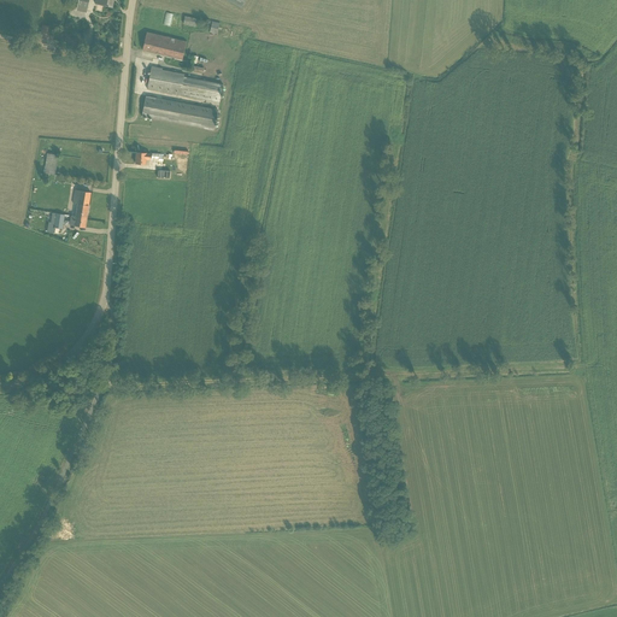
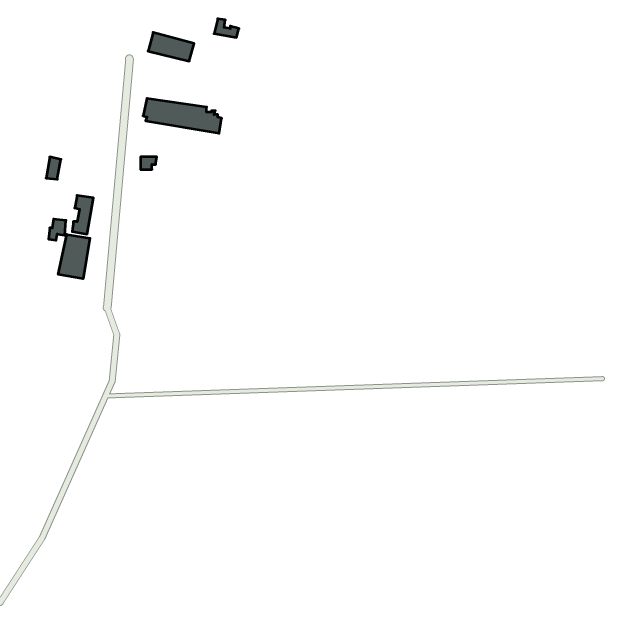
building: [143,66,219,100] -> none
building: none -> [58,234,90,279]

